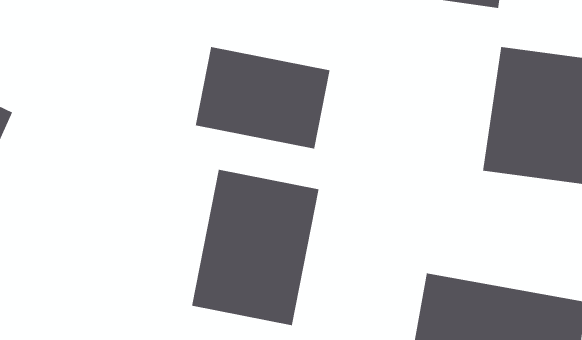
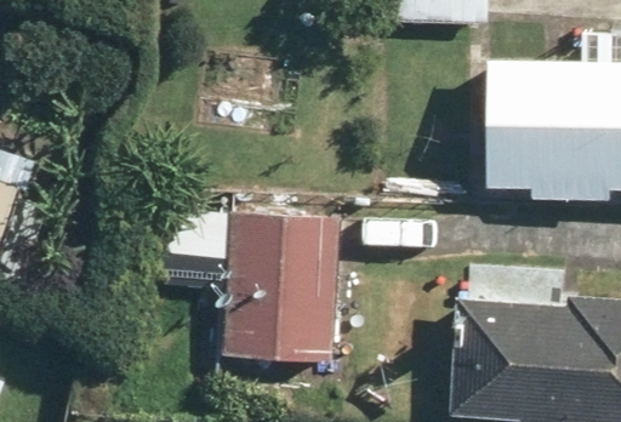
building: [195,46,331,149] -> none

